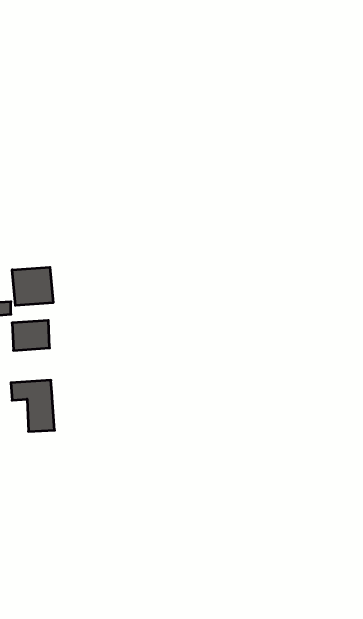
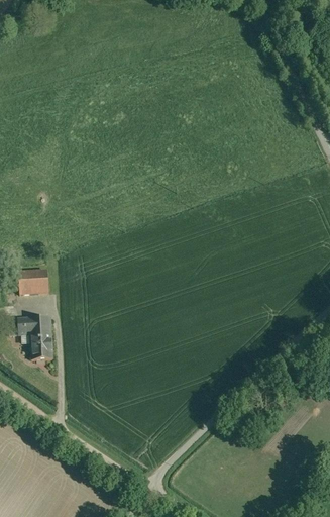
building: [12,267,53,305] -> none

